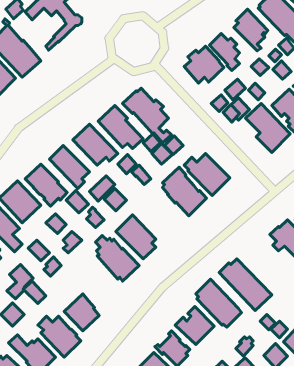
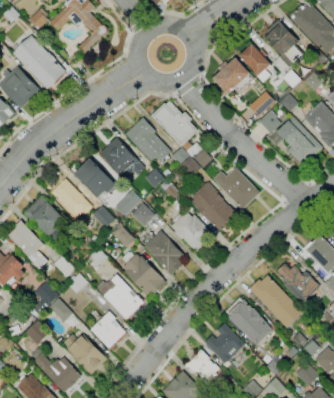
building: none -> [170,211,213,250]
building: none -> [275,263,319,304]
building: none -> [95,275,153,319]

